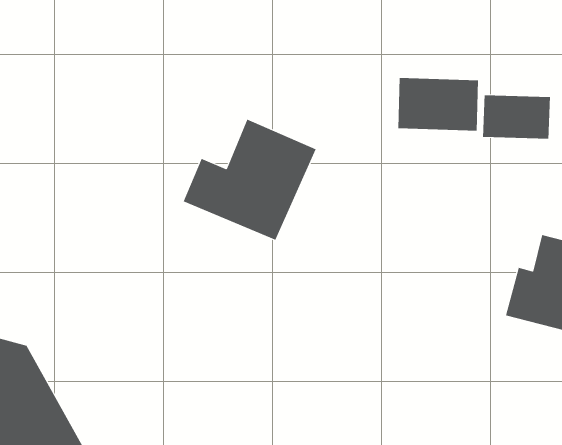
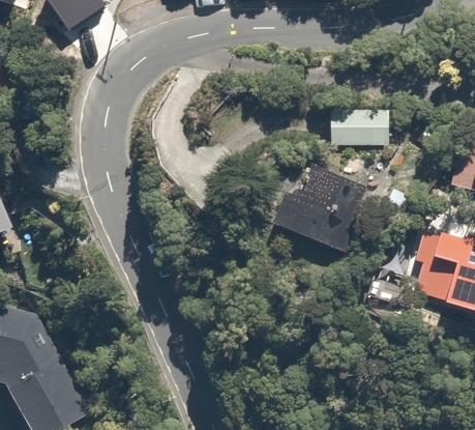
building: [483,94,550,140] -> none
building: [183,119,316,241] -> [263,161,368,257]

